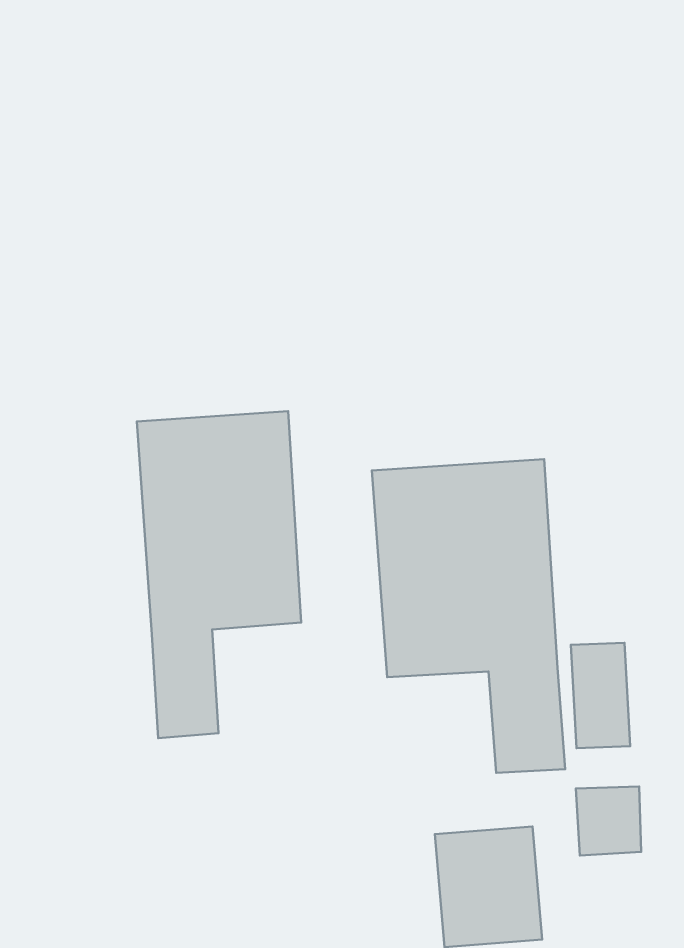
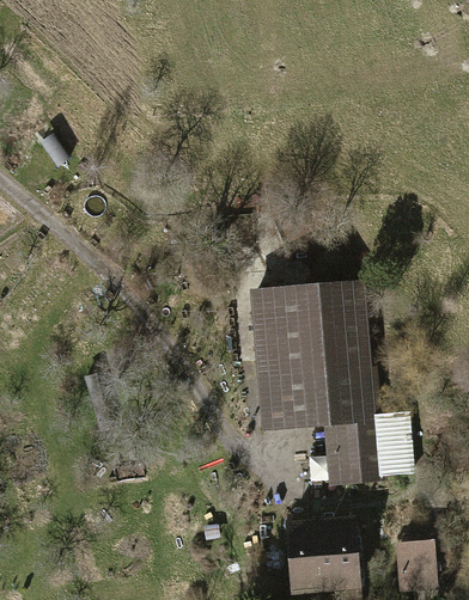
building: [137,411,301,738] -> none
building: [576,787,641,856] -> [400,545,440,588]

